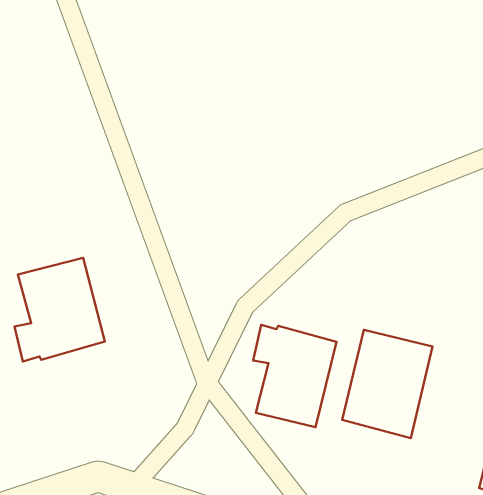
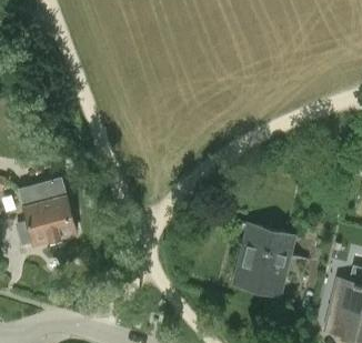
building: [253,325,336,427] -> none

